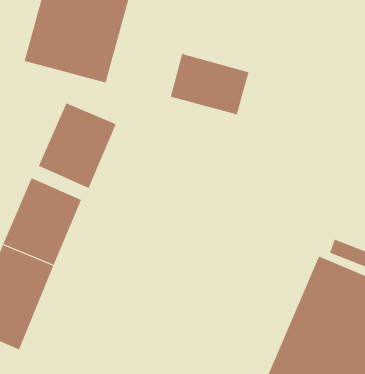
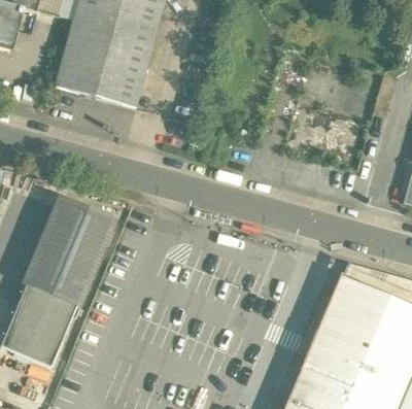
building: [170,53,249,115] -> none
building: [38,102,117,189] -> none

